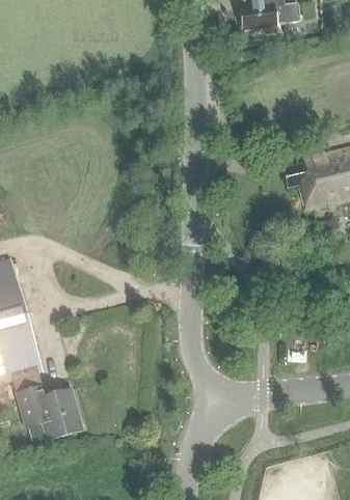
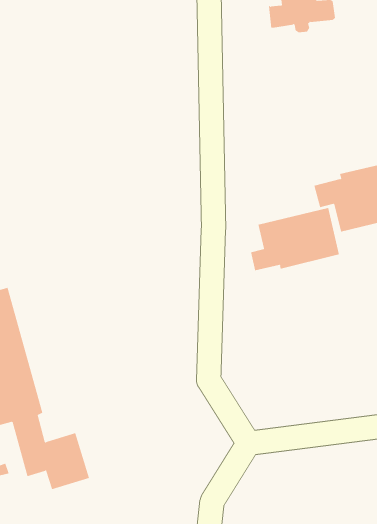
building: none -> [250,207,340,271]

